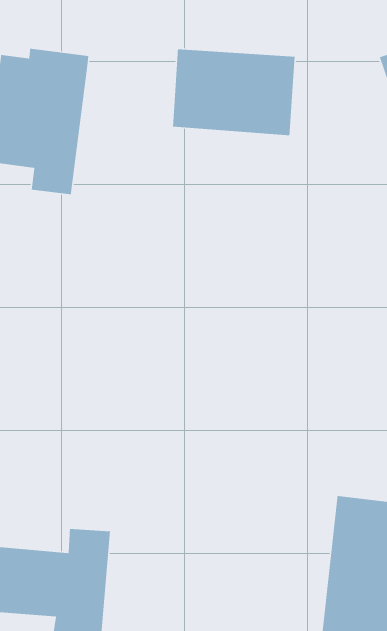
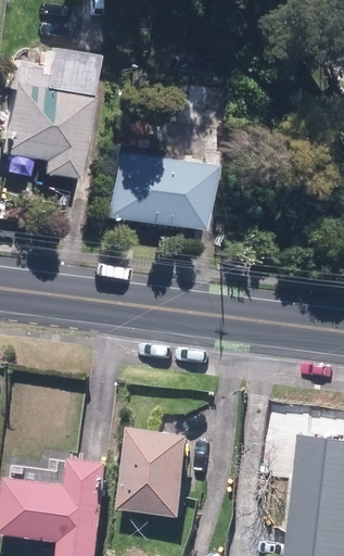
building: [172,48,295,136] -> [95,152,201,227]
building: none -> [116,427,189,515]

